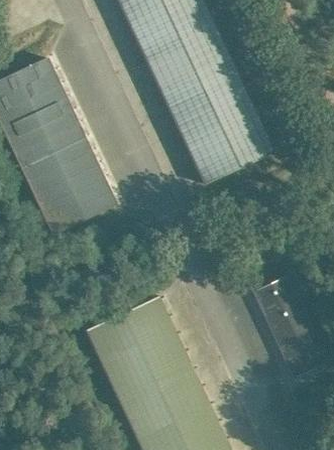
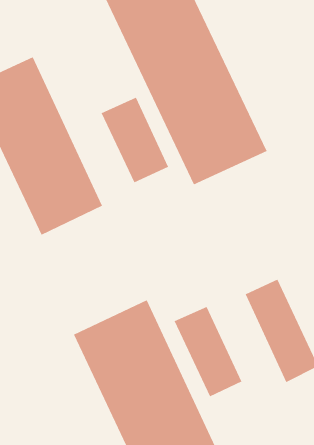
building: none -> [101,97,169,183]
building: none -> [174,306,242,397]

